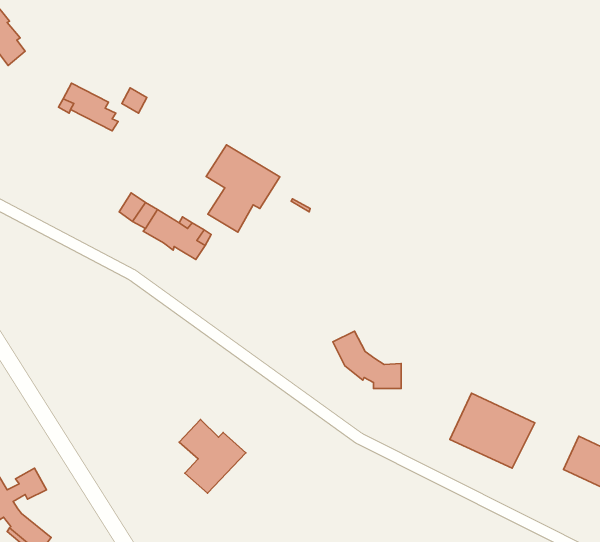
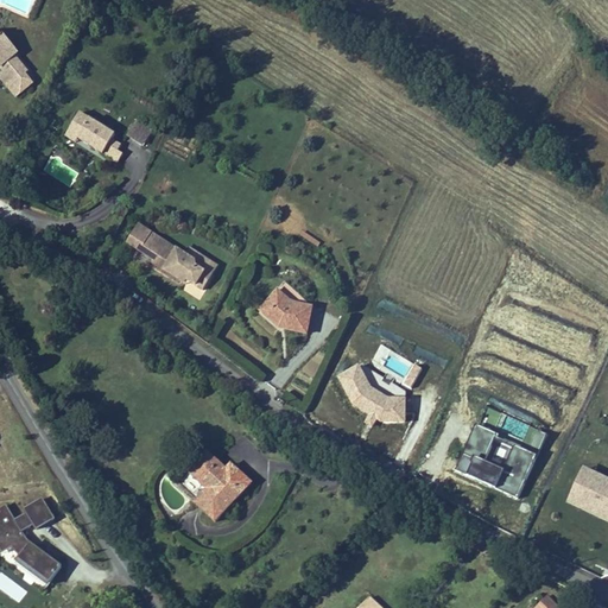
building: [206,145,280,232] -> none
building: none -> [261,290,314,330]

